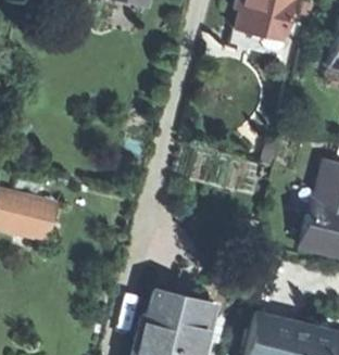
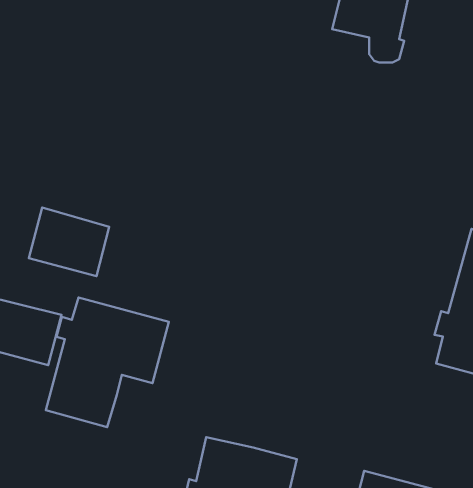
building: none -> [29,207,109,276]
building: none -> [46,298,169,427]

